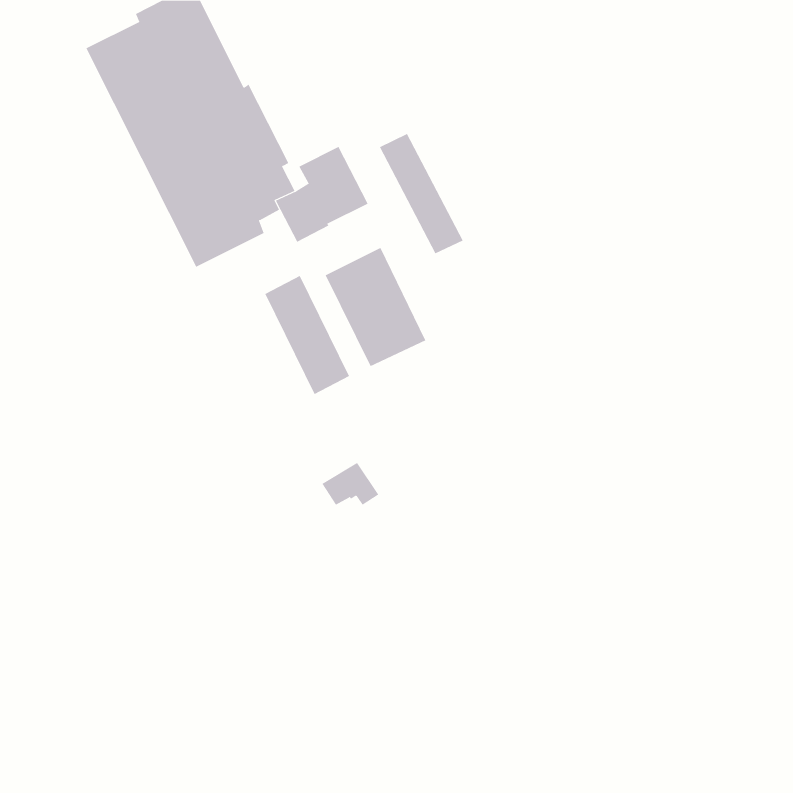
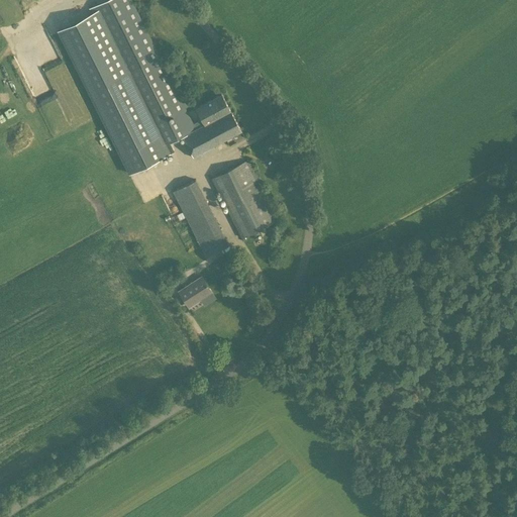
building: [379,133,463,254] -> none
building: [322,462,379,506] -> [177,278,214,306]

